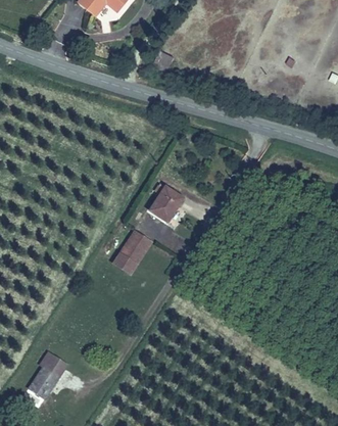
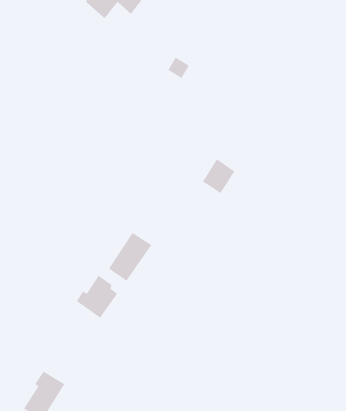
building: [152,185,183,218] -> [202,158,235,194]
building: none -> [76,275,118,319]

